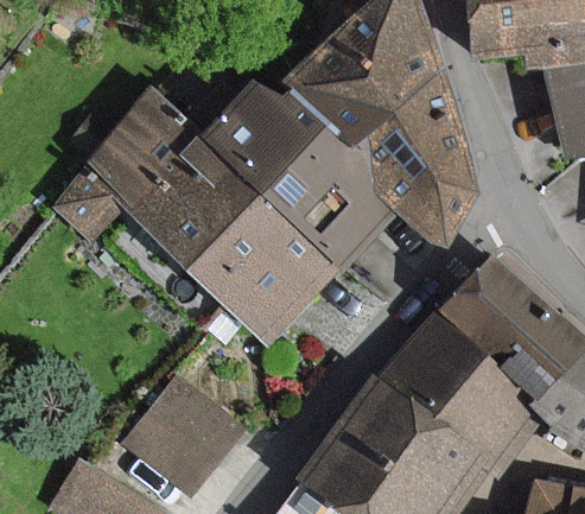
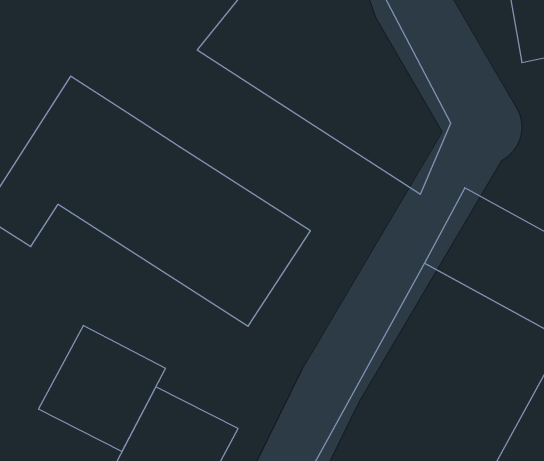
building: [201,78,395,267] -> none
building: none -> [39,325,165,451]

